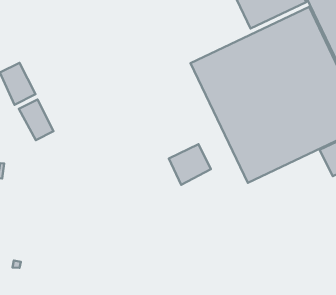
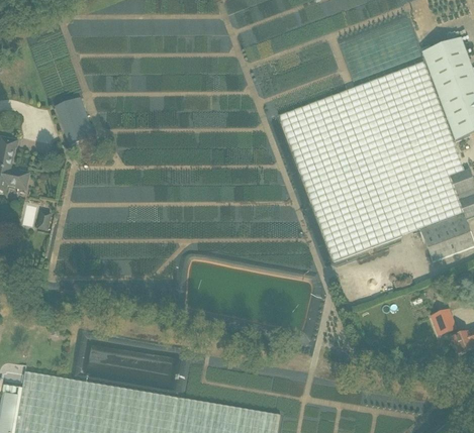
building: [19,100,53,140] -> none
building: [169,144,211,185] -> none

